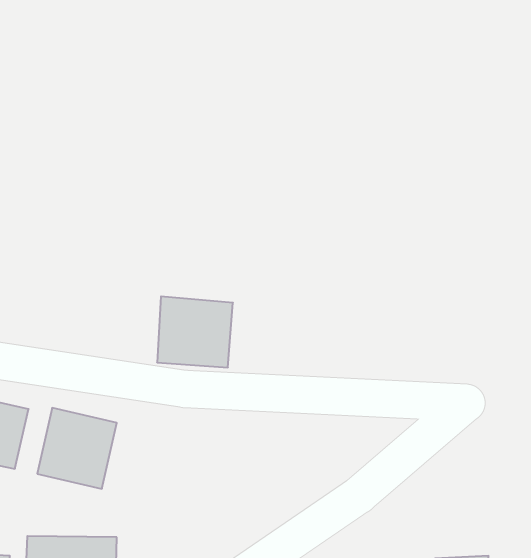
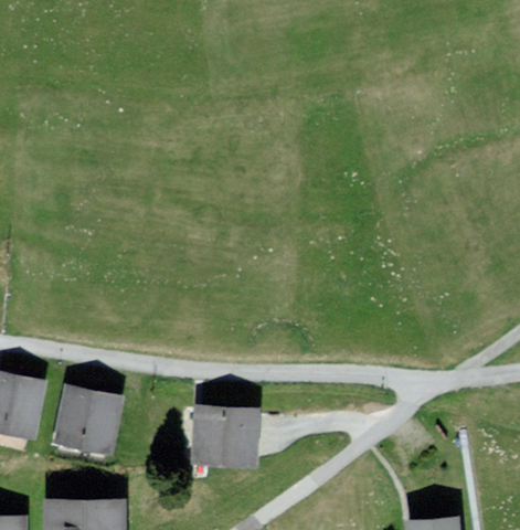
building: [157,296,233,367] -> [191,406,258,469]

